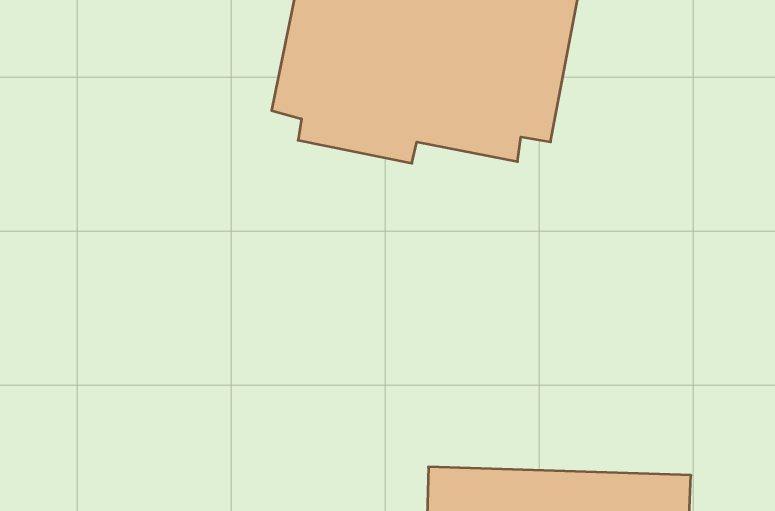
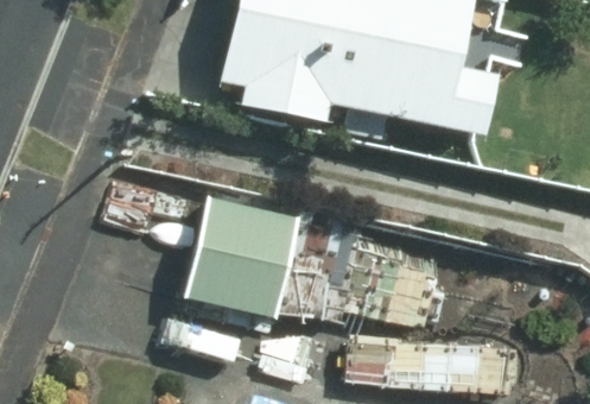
building: none -> [186,195,362,322]

